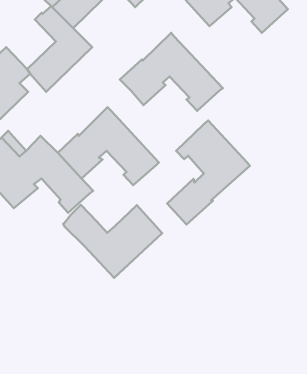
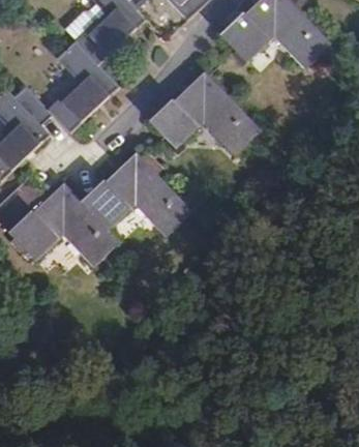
building: [167,121,250,224] -> none
building: [63,205,162,278] -> none

